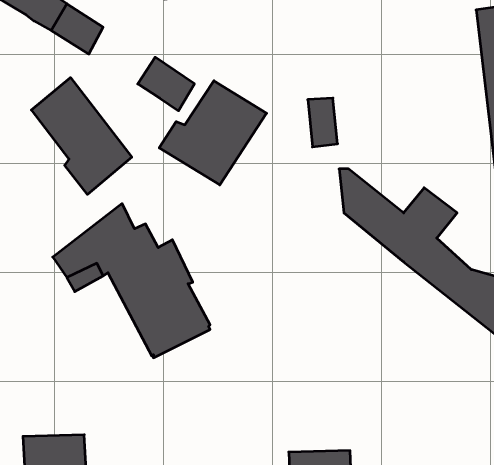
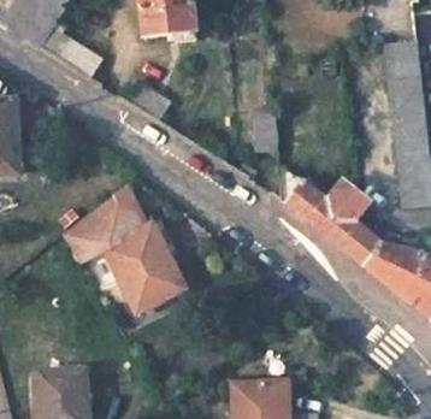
building: [31,78,132,194] -> none
building: [159,81,267,185] -> none

